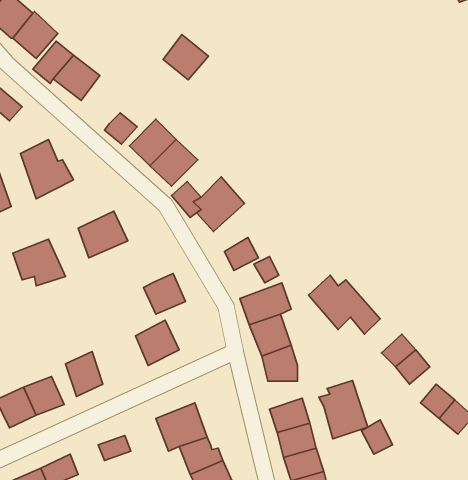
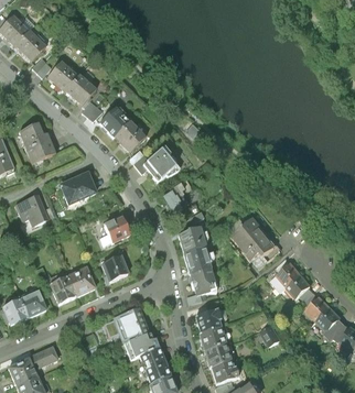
building: [163,34,208,80] -> [62,77,94,109]
building: none -> [69,263,97,295]
building: [319,380,368,439] -> none

